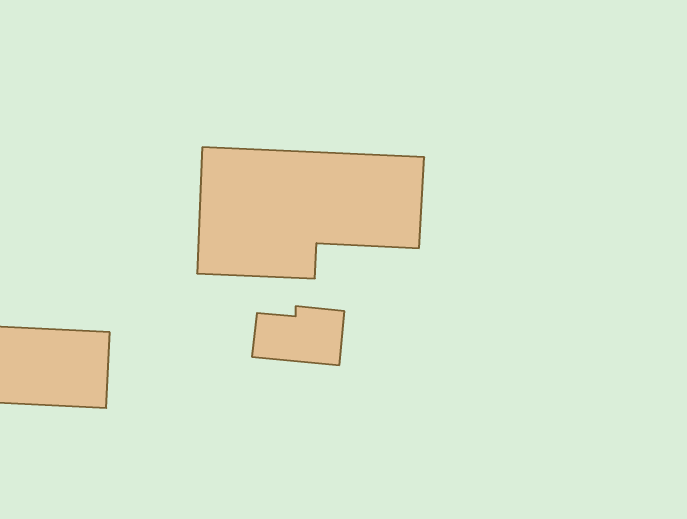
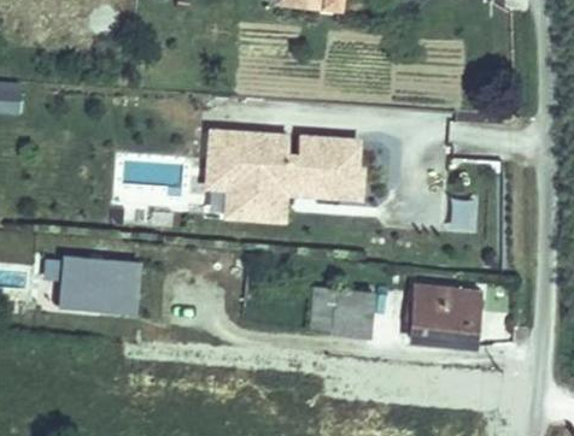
building: [252,306,344,365] -> [311,287,377,329]
building: none -> [416,278,482,336]

